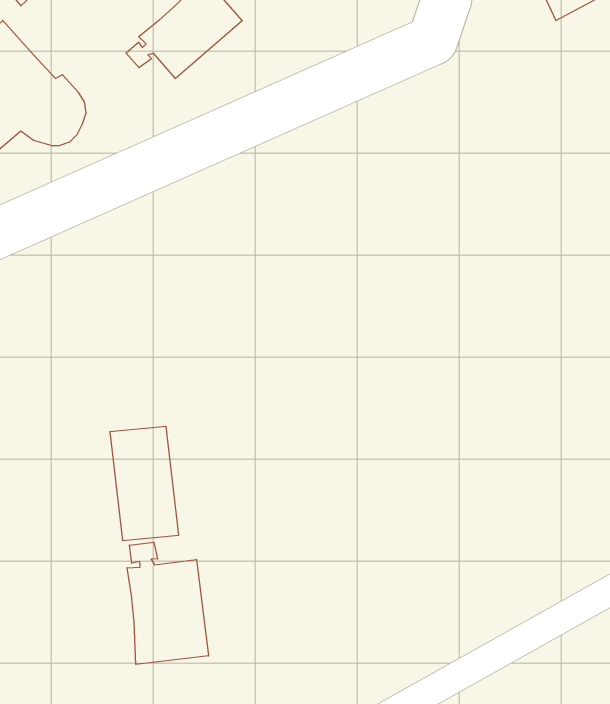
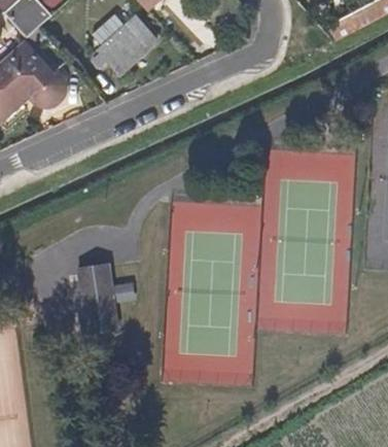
building: [127,542,208,664] -> none

